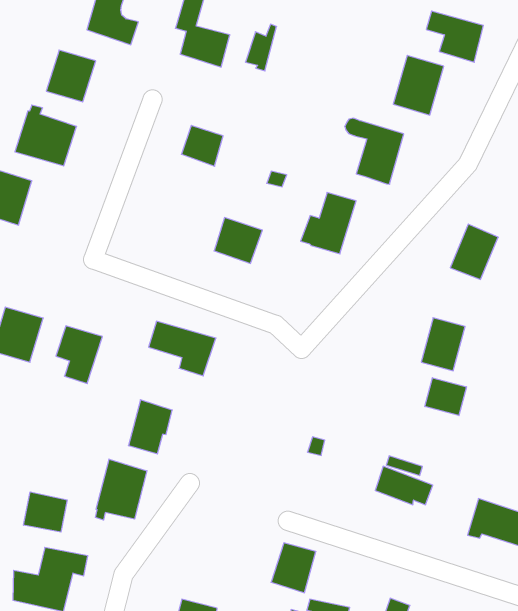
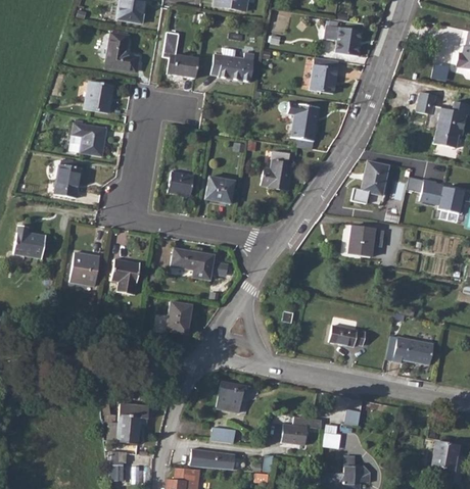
building: none -> [224,48,255,82]
building: [181,125,223,166] -> [168,172,193,196]
building: [425,378,466,416] -> none
building: [95,459,147,520] -> none
building: [24,492,67,532] -> none
building: [271,543,316,593] -> [217,381,243,411]

